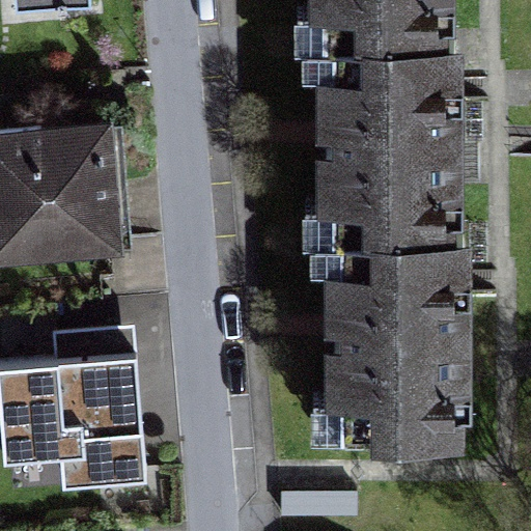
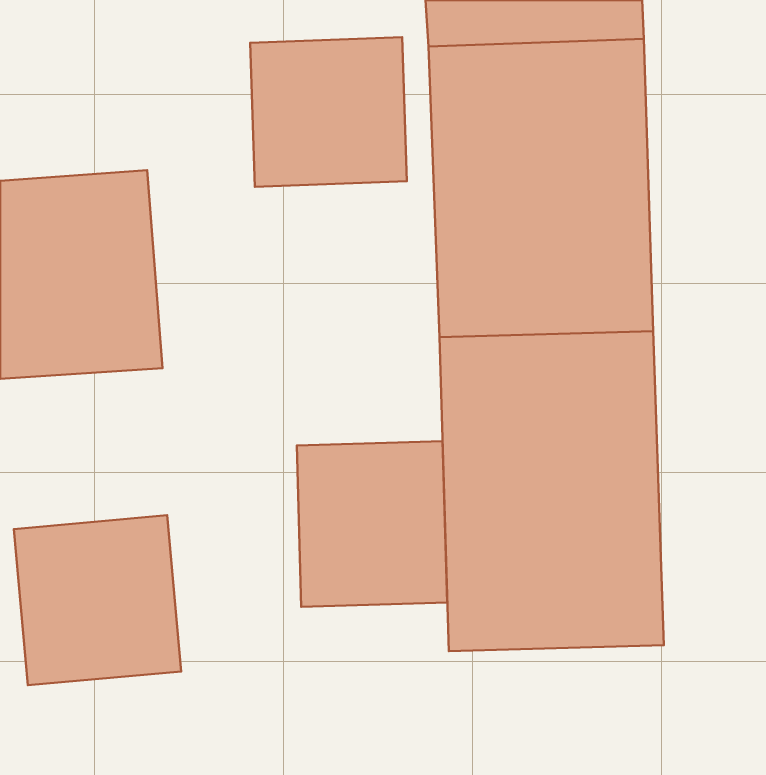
building: none -> [250,37,407,187]
building: none -> [297,441,447,607]

